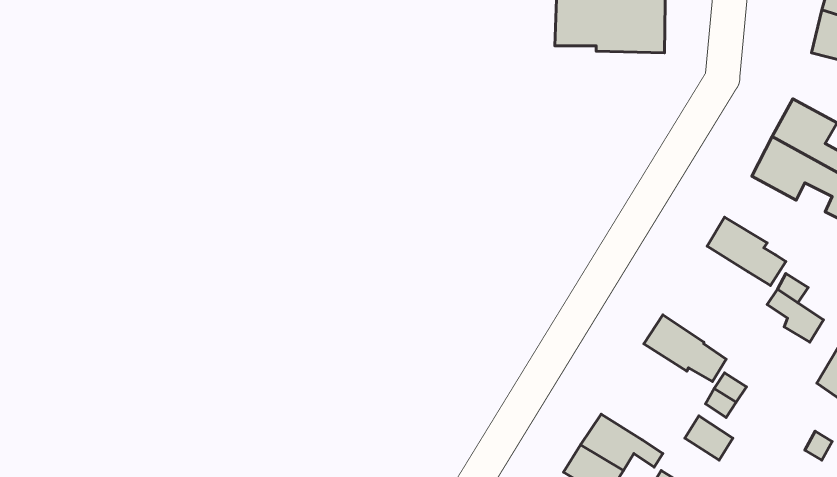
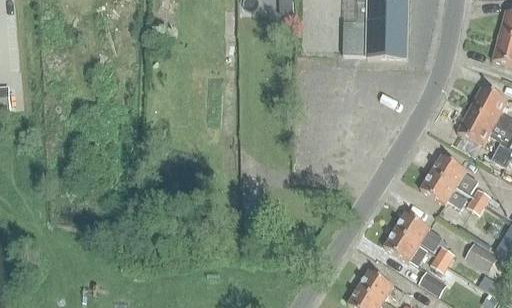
building: none -> [420,171,466,207]
building: none -> [384,228,426,263]
building: none -> [463,241,496,271]

